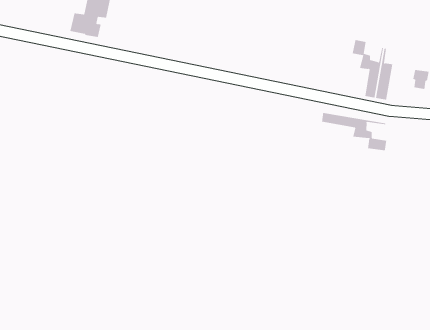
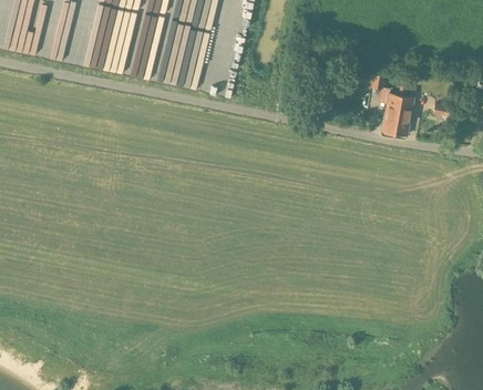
building: [322,112,387,151] -> none

